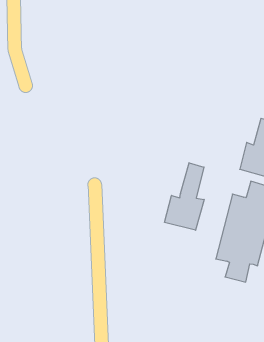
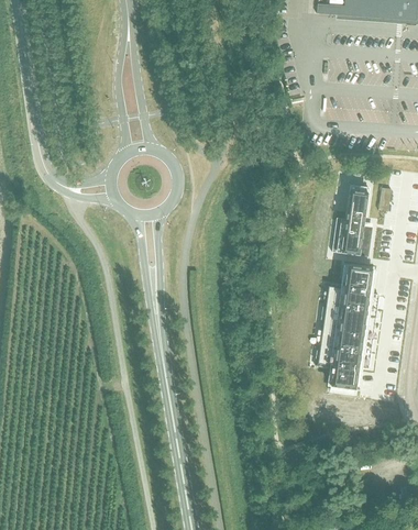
building: [165,163,204,230] -> none

